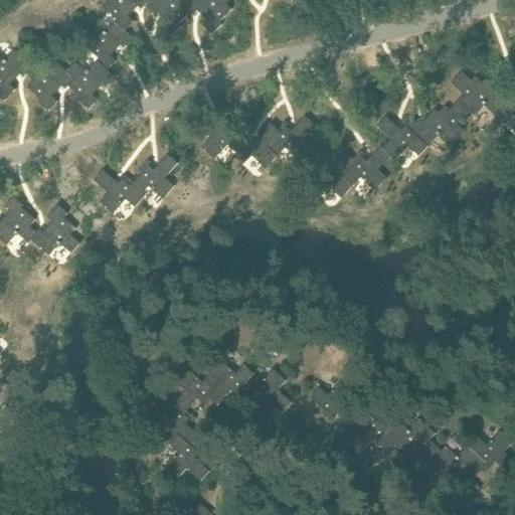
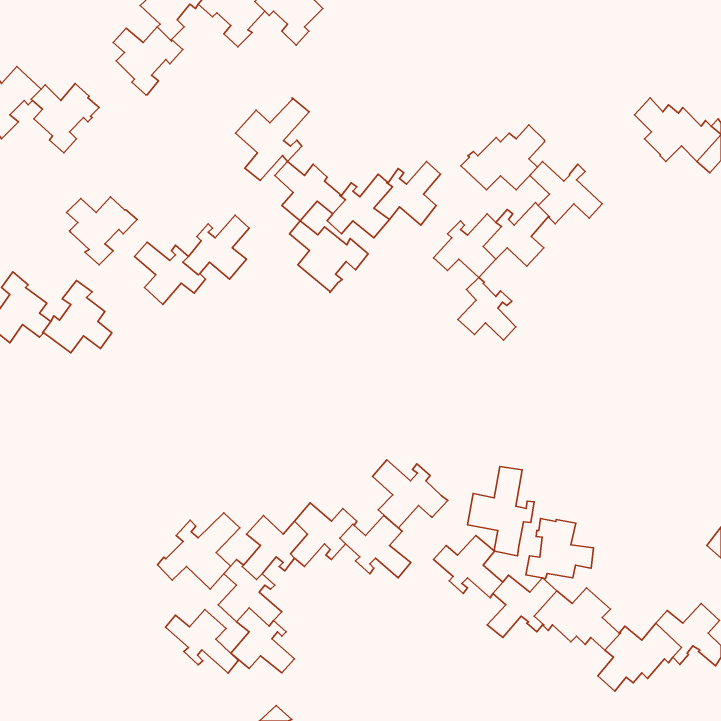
building: [62,58,113,107] -> [67,197,137,265]
building: none -> [235,98,309,181]
building: [409,99,469,145] -> [461,125,544,190]
building: none -> [290,221,368,293]
building: none -> [458,278,516,340]
building: none -> [373,460,448,528]
building: none -> [467,466,534,556]
building: none -> [158,513,240,589]
building: none -> [526,519,594,578]
building: none -> [166,610,239,673]

